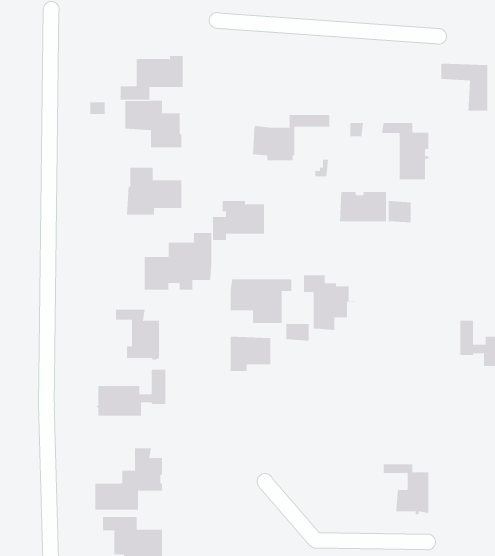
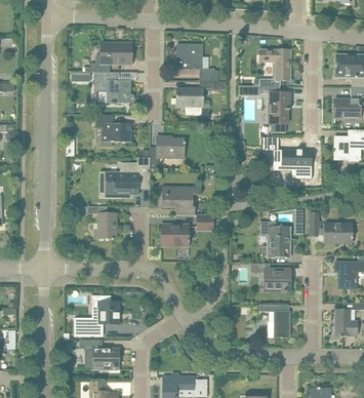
building: none -> [176,44,217,81]
building: [440,63,488,111] -> [259,49,290,80]
building: [339,192,387,222] -> [281,150,312,169]
building: [303,275,356,331] -> [260,222,294,257]
building: [96,369,166,416] -> none
building: none -> [251,264,290,291]

